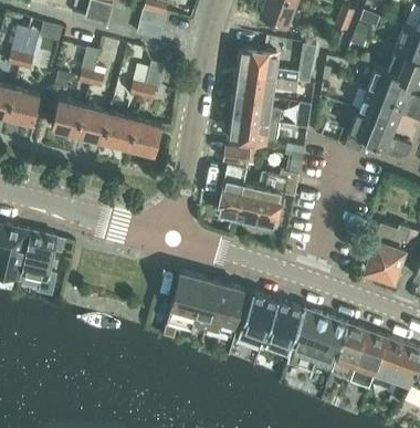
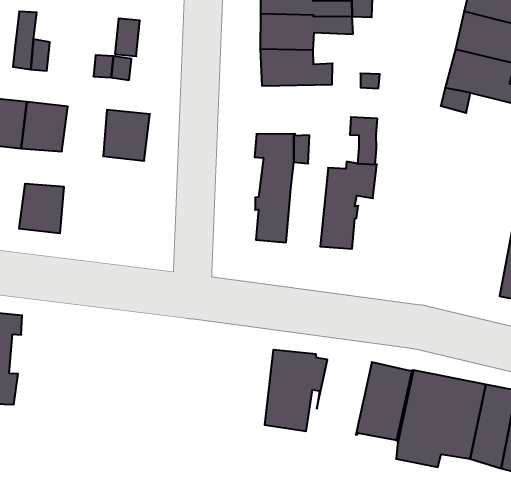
building: [103,113,135,147] -> [19,184,64,233]
building: [231,117,279,145] -> none
building: [235,173,269,223] -> none
building: [161,273,218,338] -> none
building: [237,292,279,345] -> none

